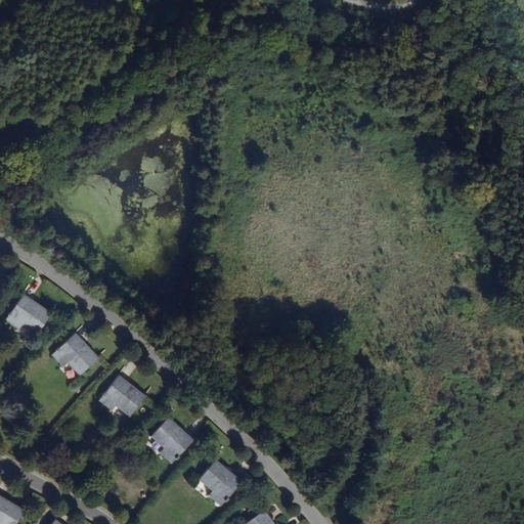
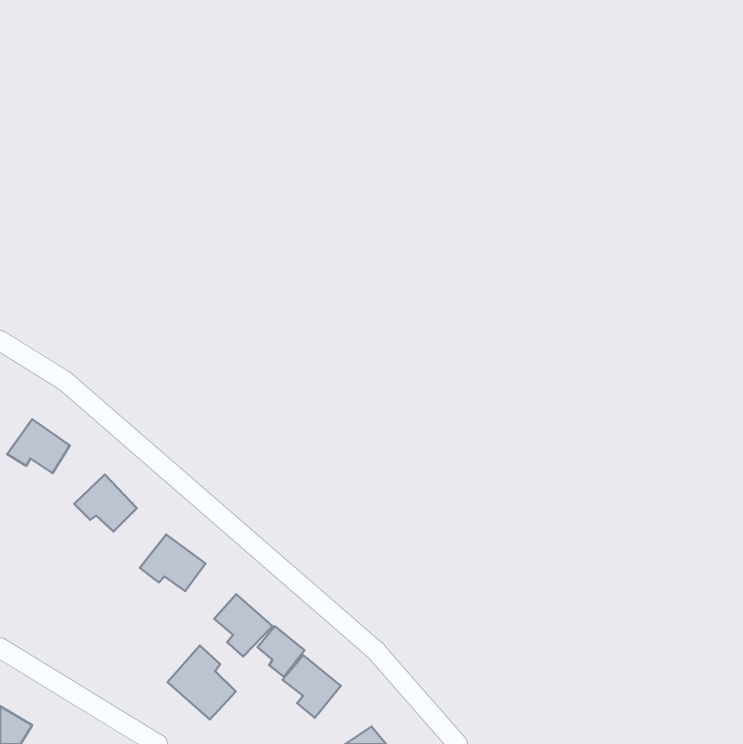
building: none -> [258,626,304,677]
building: none -> [167,645,236,719]

